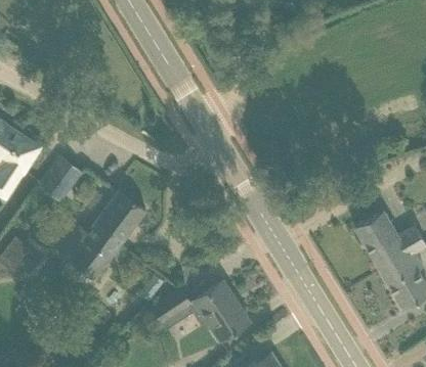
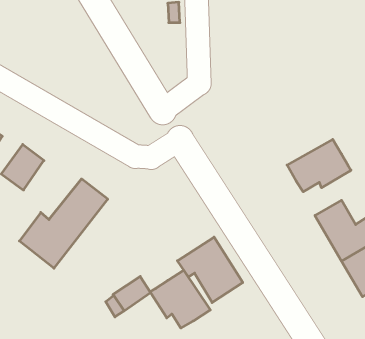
building: none -> [287,139,351,192]
building: none -> [177,237,243,303]

